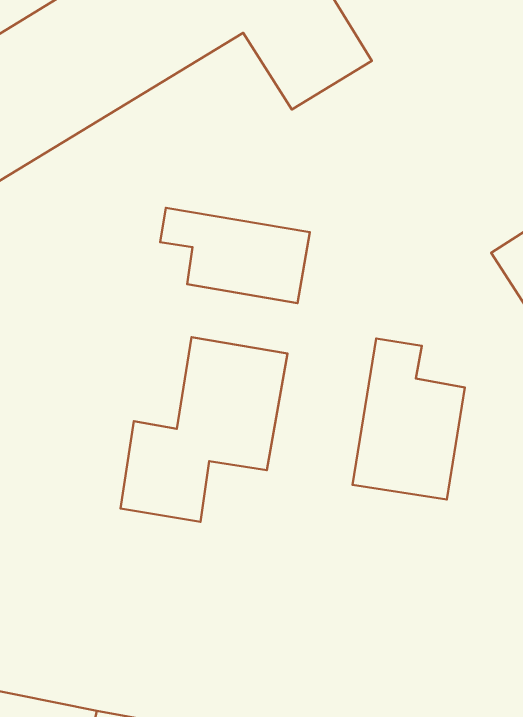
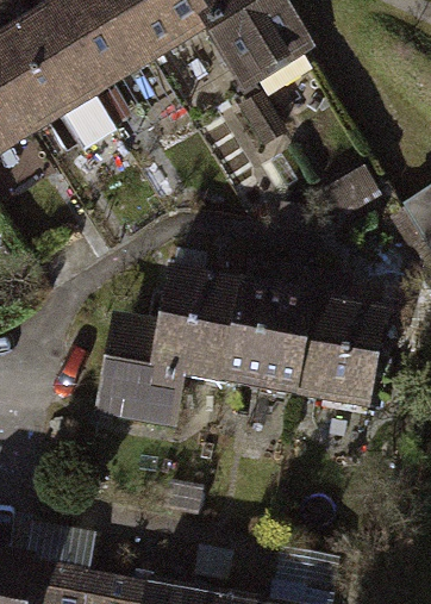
building: [160,208,310,303] -> none
building: none -> [223,272,311,394]

